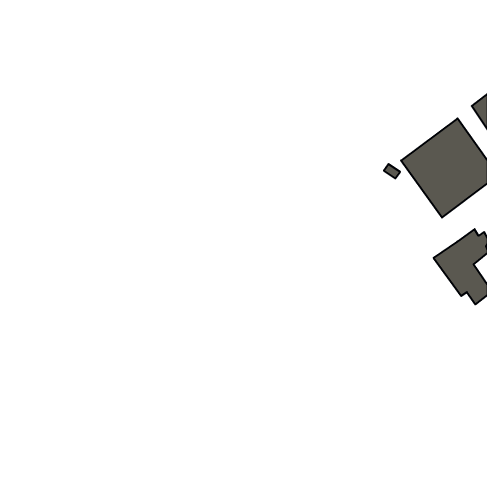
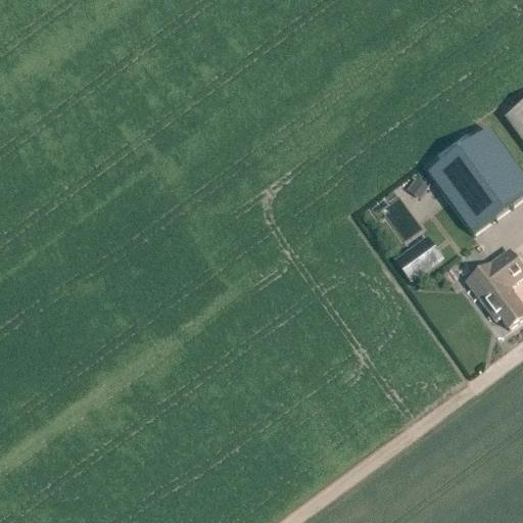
building: none -> [395,244,430,280]

